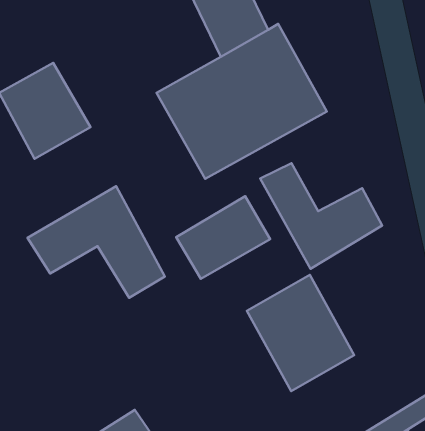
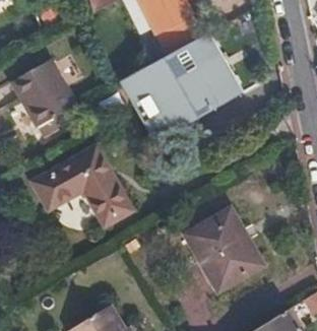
building: [260,163,382,269] -> none
building: [176,196,270,279] -> none

